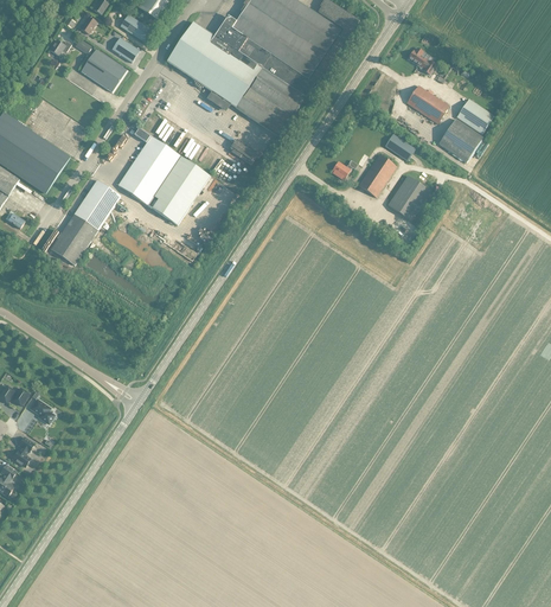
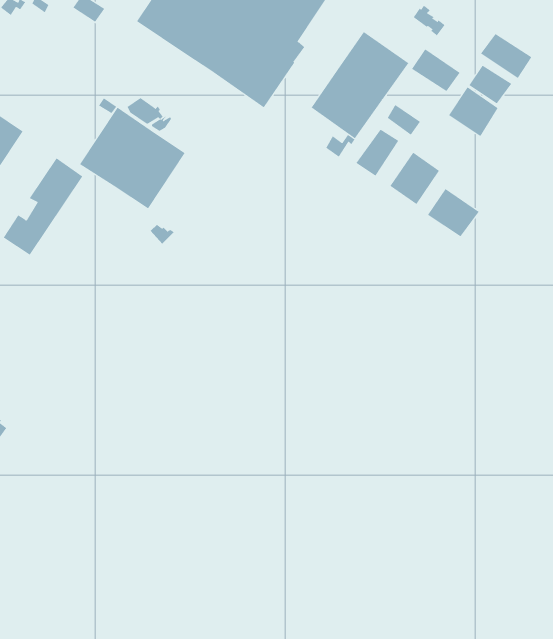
building: [79,49,126,91] -> none
building: none -> [311,31,409,139]
building: none -> [480,33,532,79]
building: none -> [427,188,479,237]

